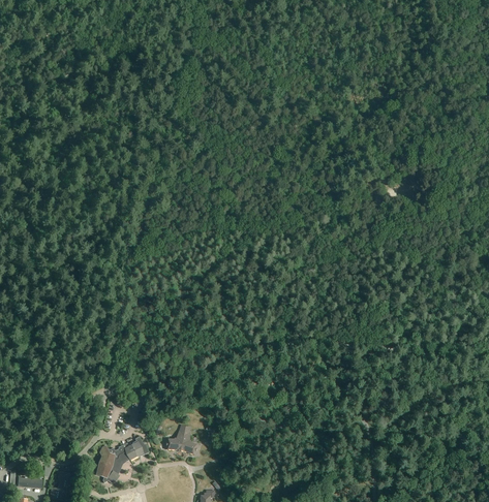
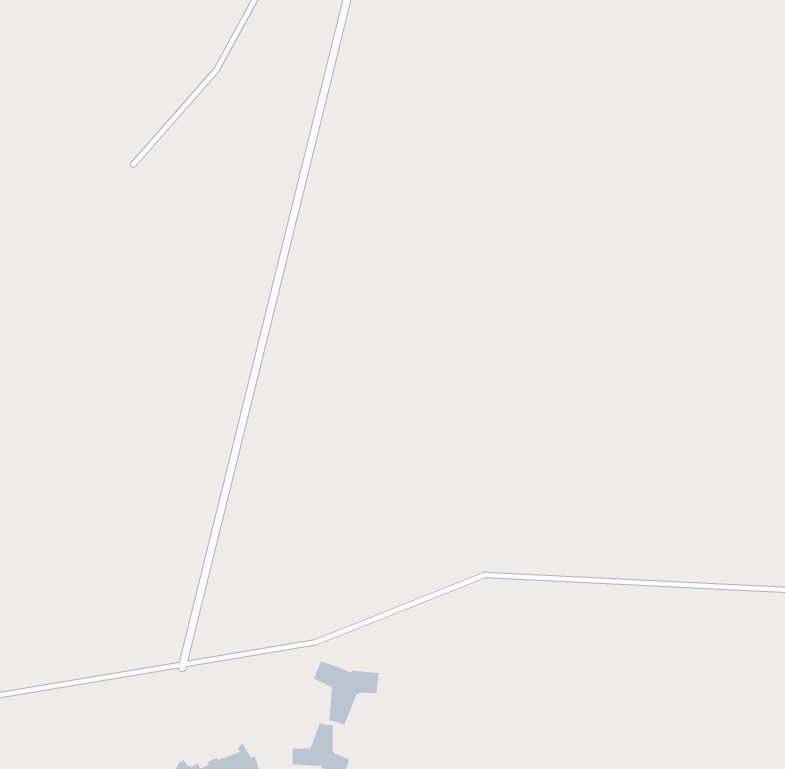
building: none -> [313,661,379,726]

